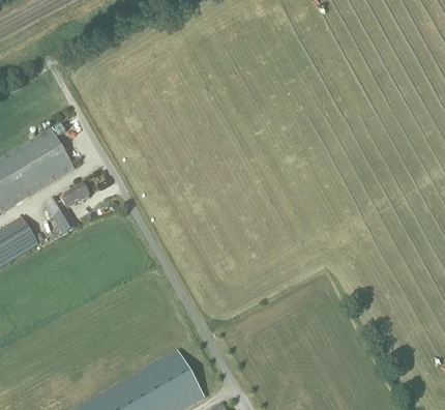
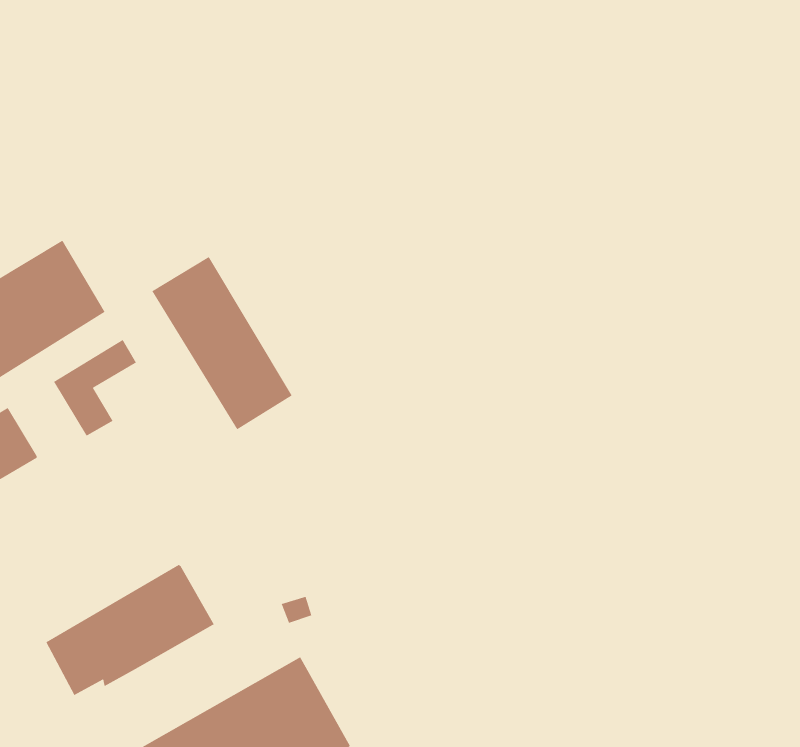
building: none -> [152,256,292,430]
building: none -> [45,564,214,696]

